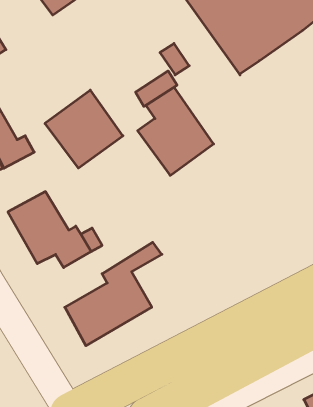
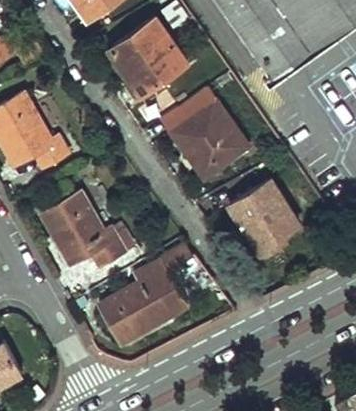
building: [45,90,123,168] -> [109,16,186,93]
building: none -> [229,183,296,257]

